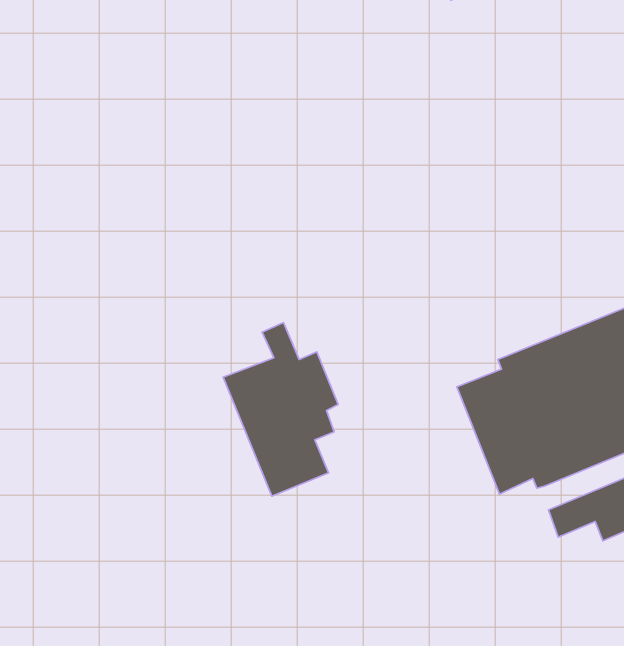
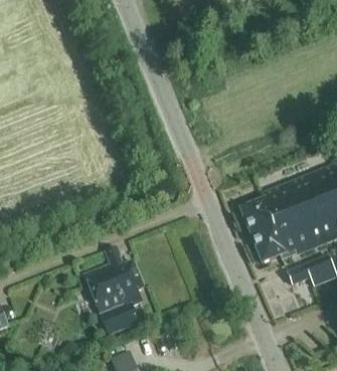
building: [223,323,338,496] -> [85,244,144,334]

